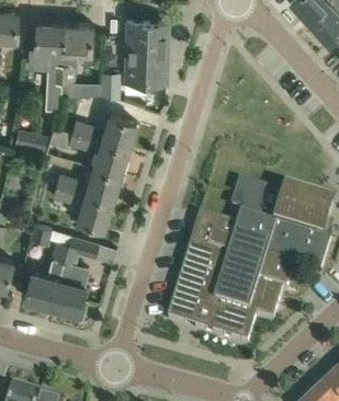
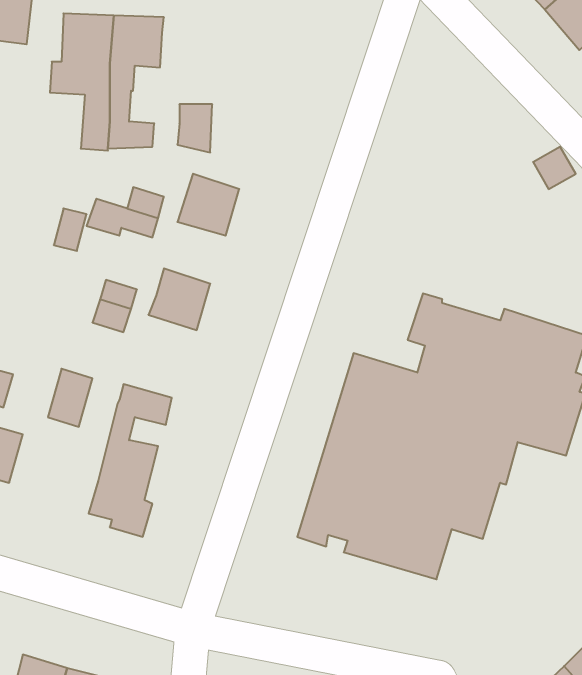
building: [123,20,169,82] -> none
building: [93,140,128,175] -> none
building: [77,193,112,228] -> none
building: [23,238,68,306] -> none

